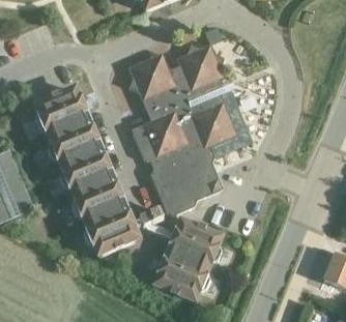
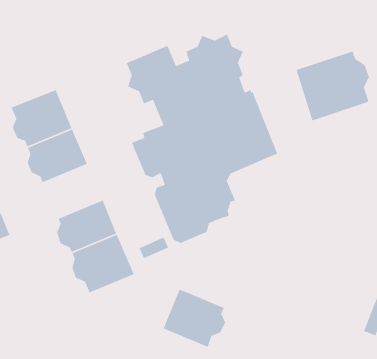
building: none -> [296,50,370,121]
building: [59,149,110,194] -> none
building: [172,217,223,266] -> none

